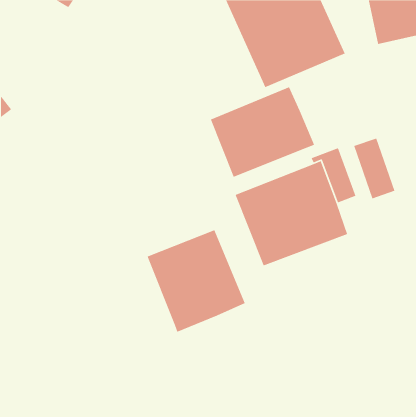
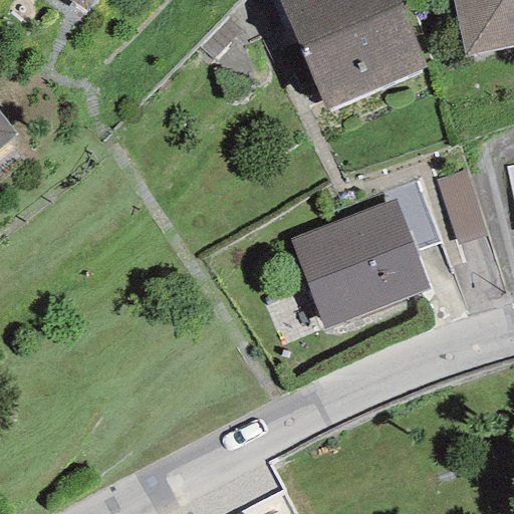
building: [210,86,315,178] -> none
building: [147,229,246,333] -> none

